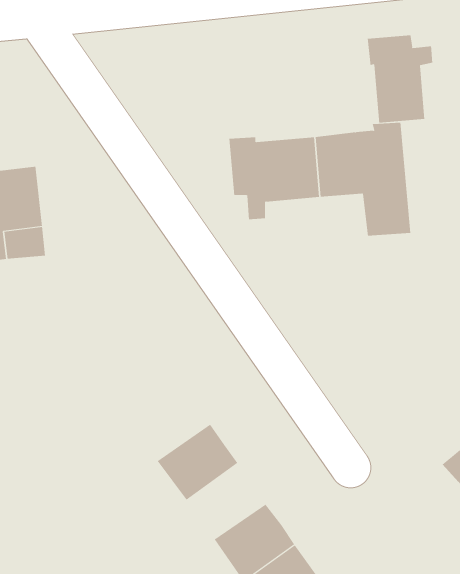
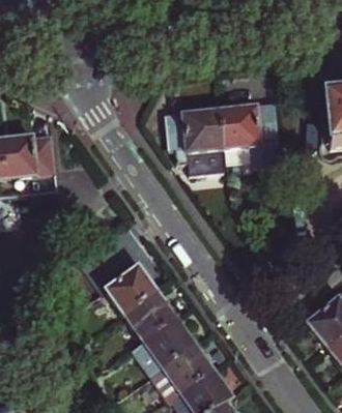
building: [367,35,433,123] -> none
building: none -> [106,267,158,317]
building: none -> [142,318,193,366]

